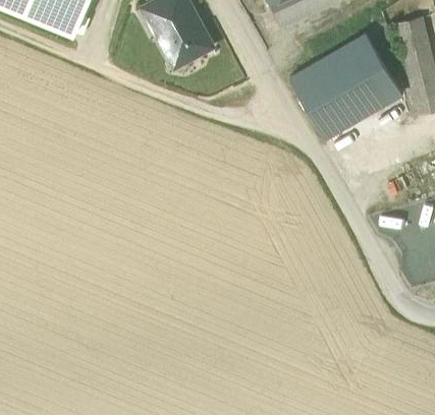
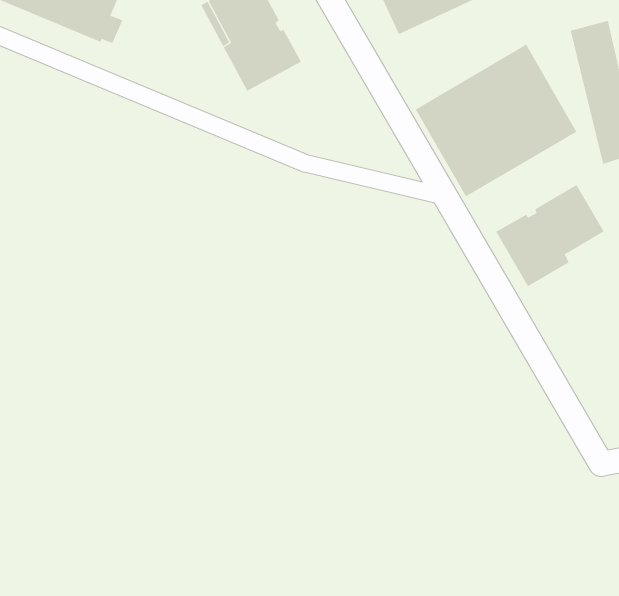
building: none -> [496,184,605,287]

